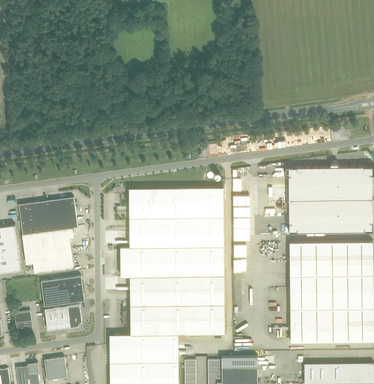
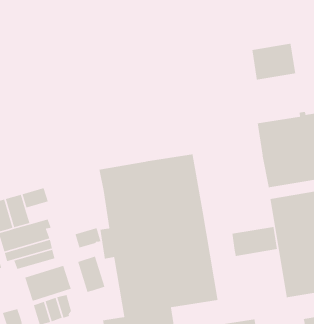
building: none -> [251,43,296,81]
building: [52,213,77,231] -> [74,227,102,249]
building: none -> [231,226,278,257]
building: none -> [77,256,105,293]

